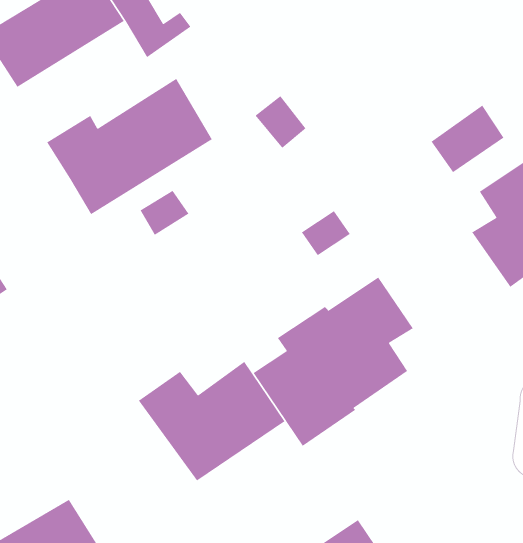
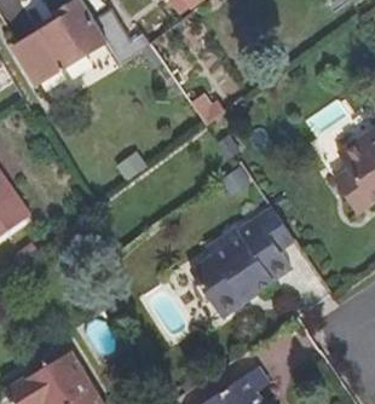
building: [46,78,213,215] -> none
building: [138,361,285,482] -> none

